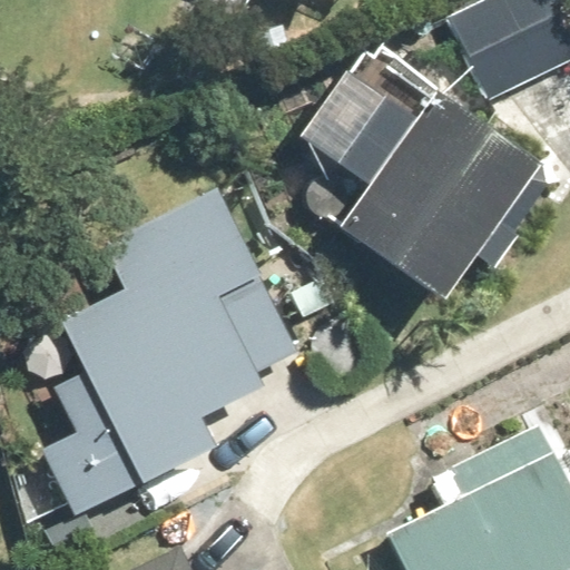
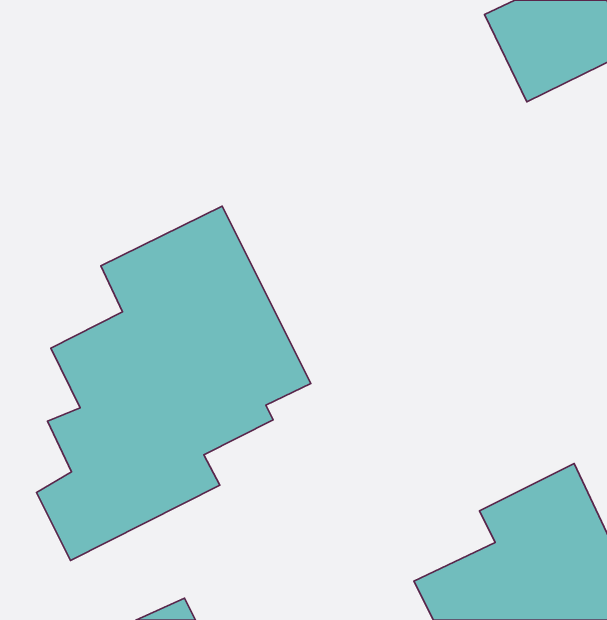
building: [334,92,532,298] -> none

